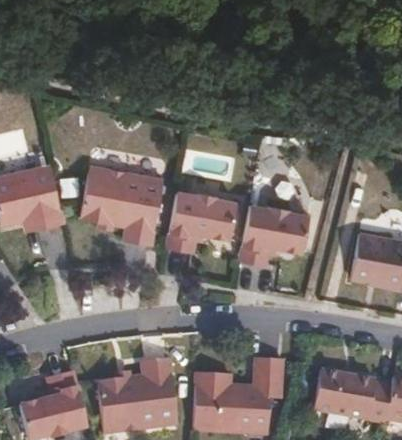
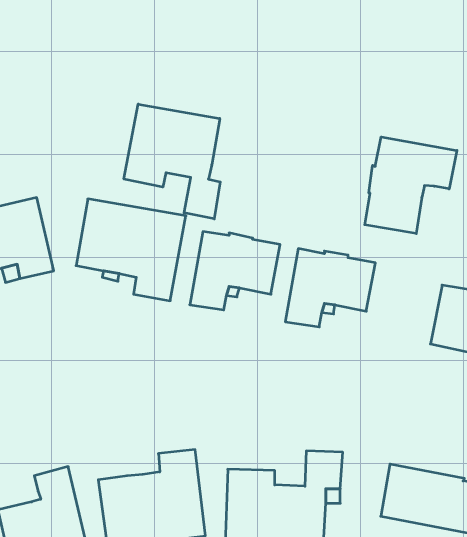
building: none -> [124,104,220,219]
building: none -> [365,137,457,234]

